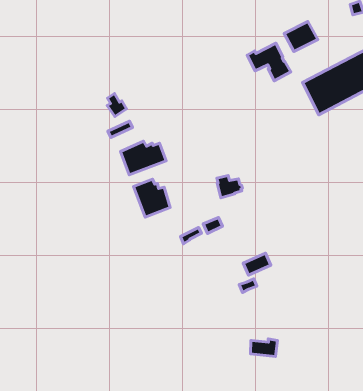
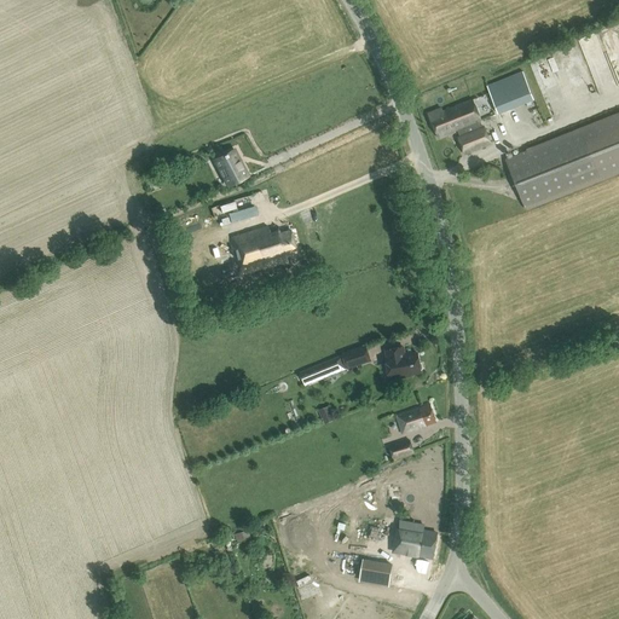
building: [217,175,243,198] -> [387,347,423,378]
building: [133,179,170,217] -> none
building: none -> [359,557,393,582]

